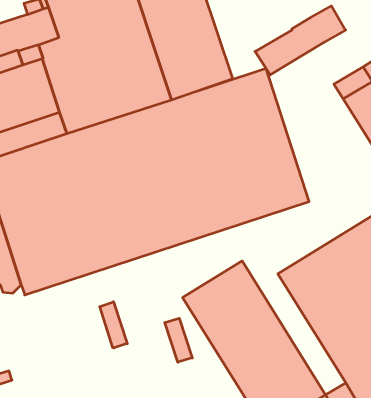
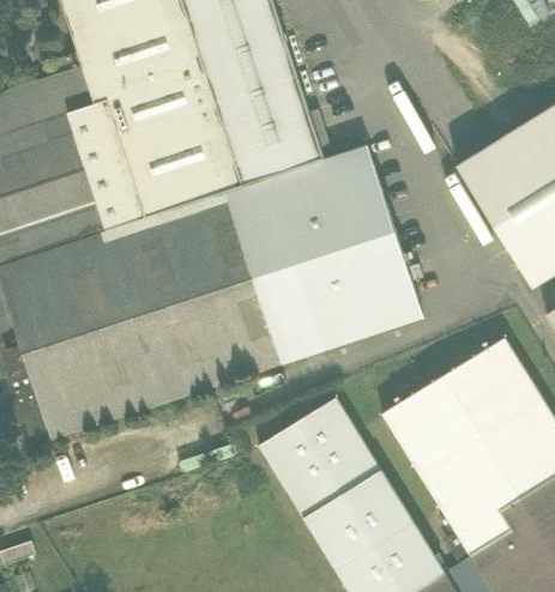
building: [255,6,346,75] -> none
building: [100,302,127,348] -> none
building: [165,318,192,362] -> none

